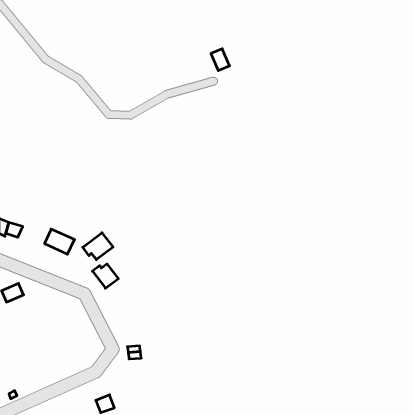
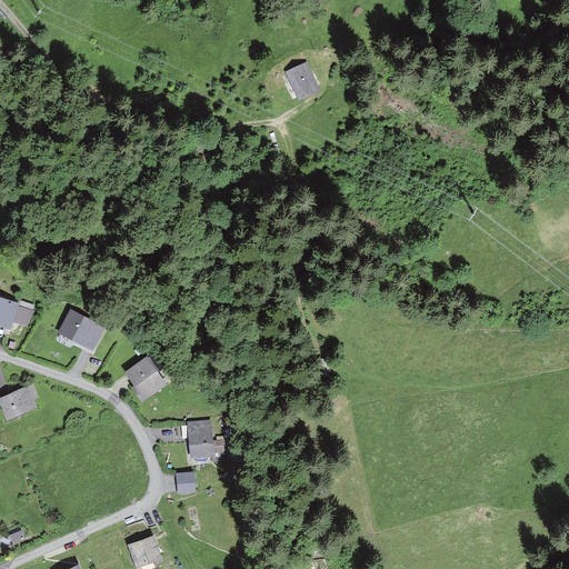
building: [83,233,113,260] -> none
building: none -> [191,423,222,455]

